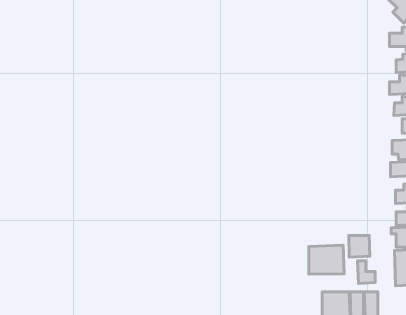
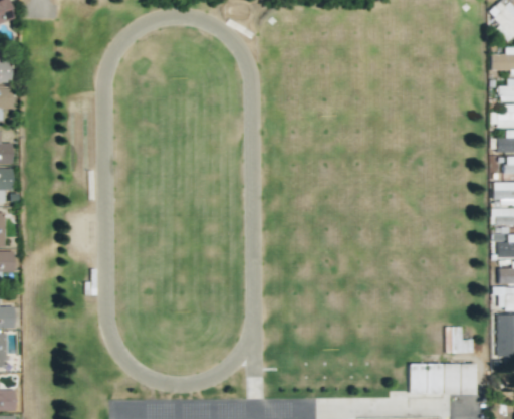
building: [349,235,370,257] -> none
building: [309,245,344,274] -> none

